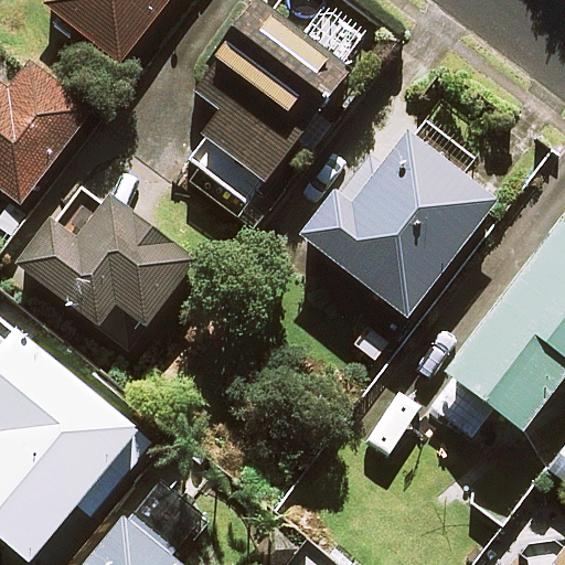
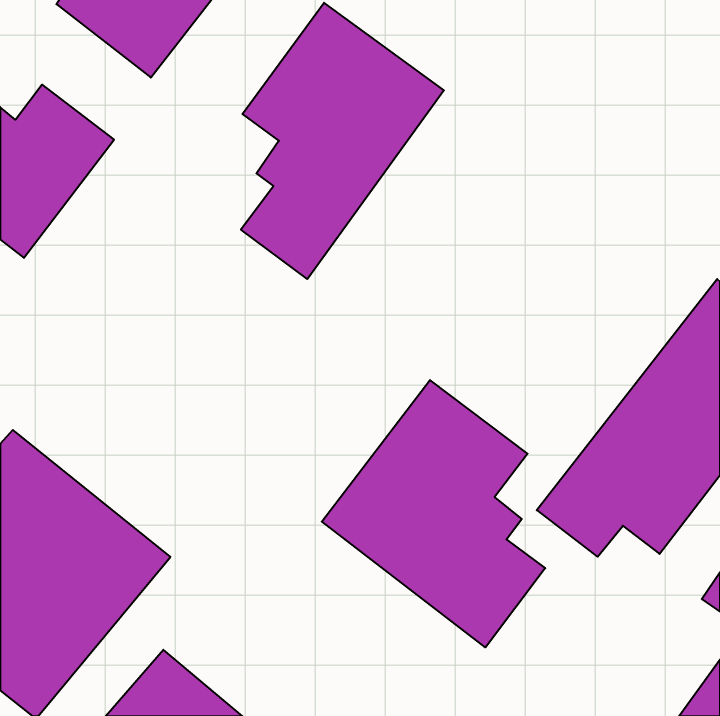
building: [301,128,495,316] -> none
building: [20,193,195,349] -> none
building: none -> [322,380,545,647]

